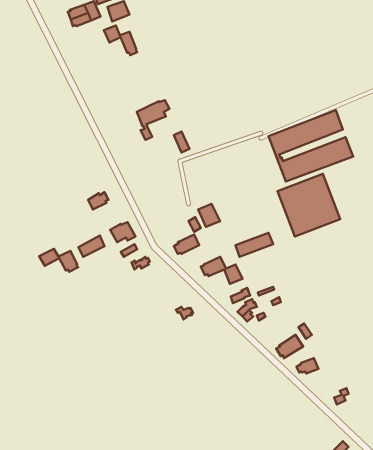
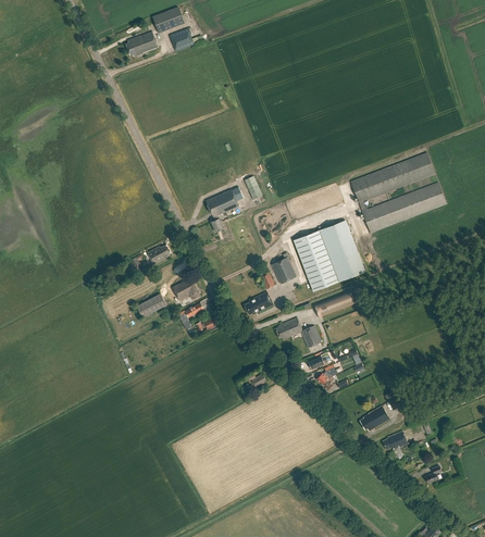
building: [104,26,137,55] -> none
building: [137,100,170,140] -> [207,187,244,232]
building: [277,174,340,236] -> [294,220,364,290]
building: [39,249,78,272] -> none

